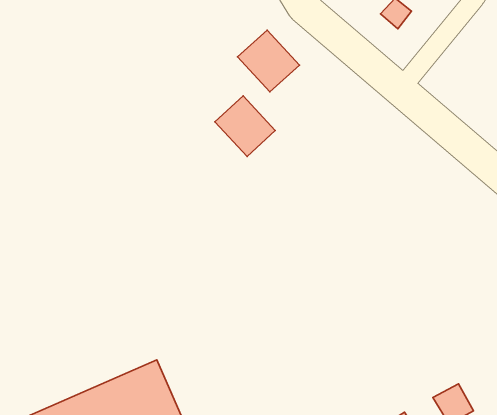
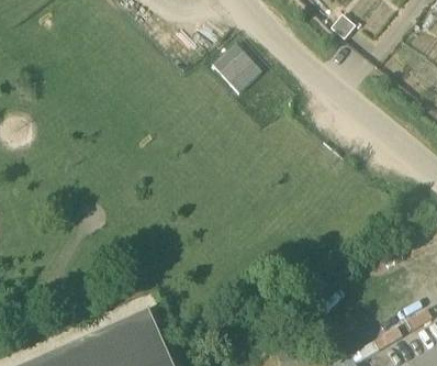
building: [215,96,275,156] -> none

